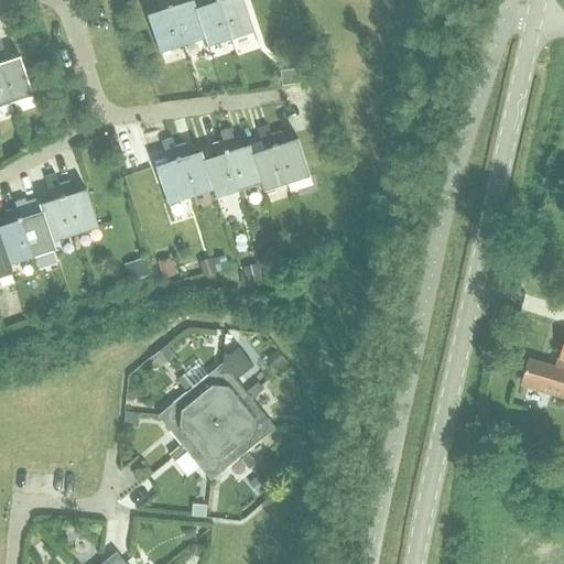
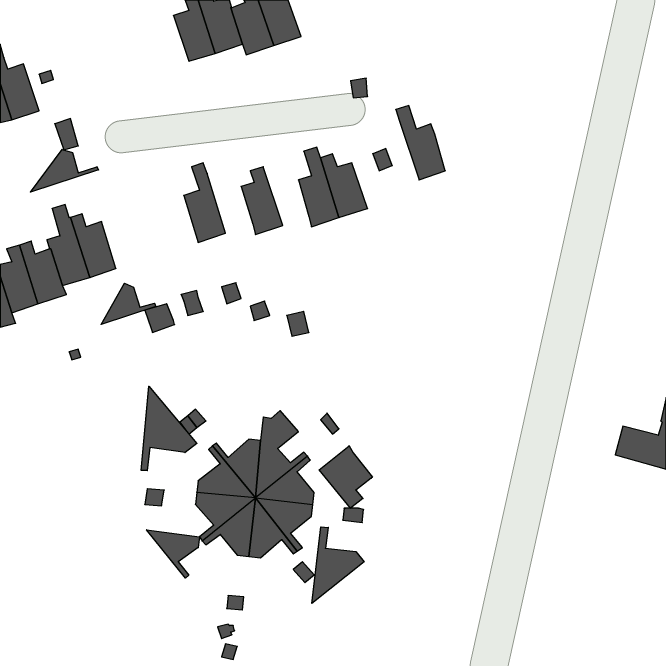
building: none -> [30,149,99,192]
building: [219,128,261,191] -> [396,106,445,180]
building: [175,143,214,197] -> none
building: none -> [101,283,156,324]
building: none -> [141,386,197,471]
building: none -> [319,446,372,508]
building: none -> [312,527,364,603]
building: none -> [147,530,199,578]

